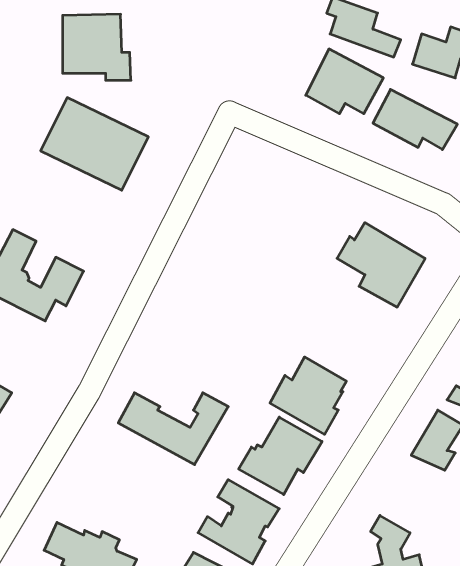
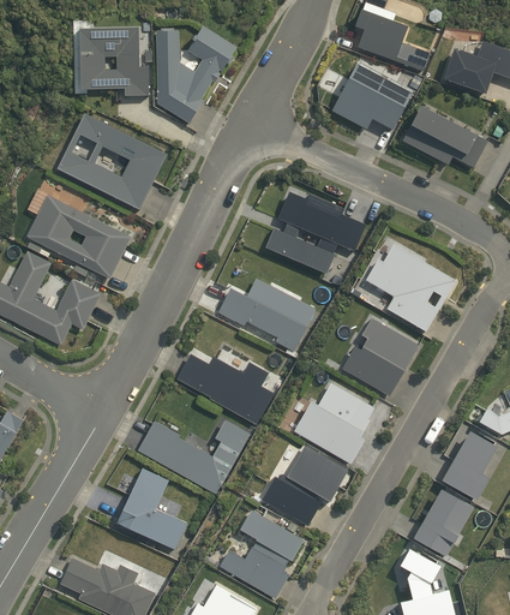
building: none -> [155,25,236,123]
building: none -> [265,190,366,273]
building: none -> [26,195,132,279]
building: none -> [217,277,316,351]
building: none -> [341,317,420,398]
building: none -> [176,353,274,424]
building: none -> [115,467,188,549]
building: none -> [412,494,473,556]

